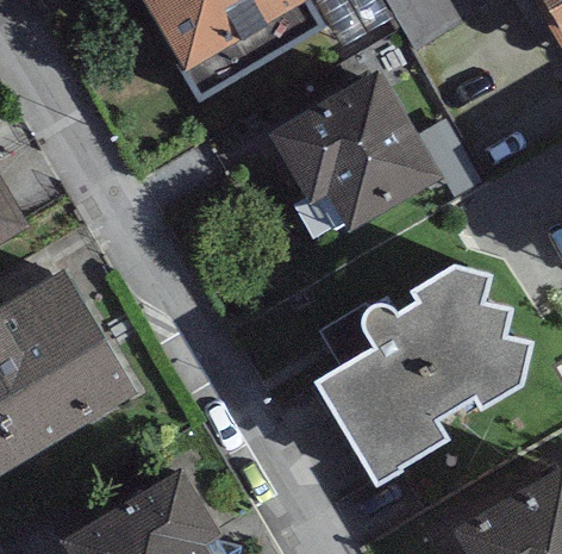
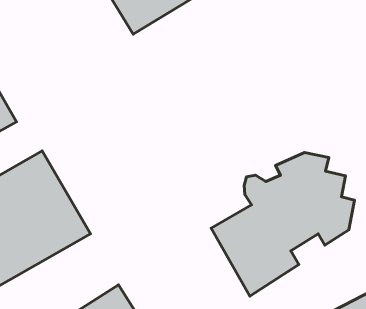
building: [271,71,437,231] -> none

